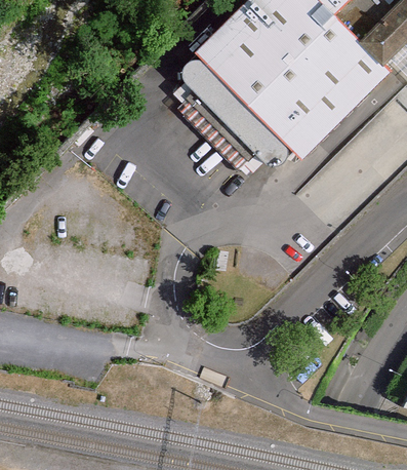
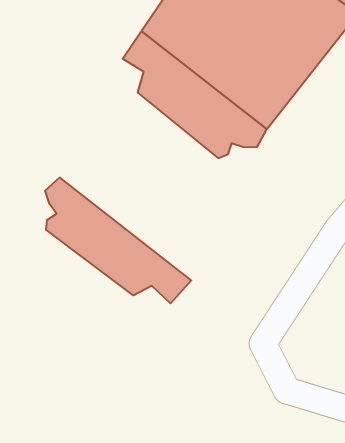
building: none -> [45,178,191,303]

